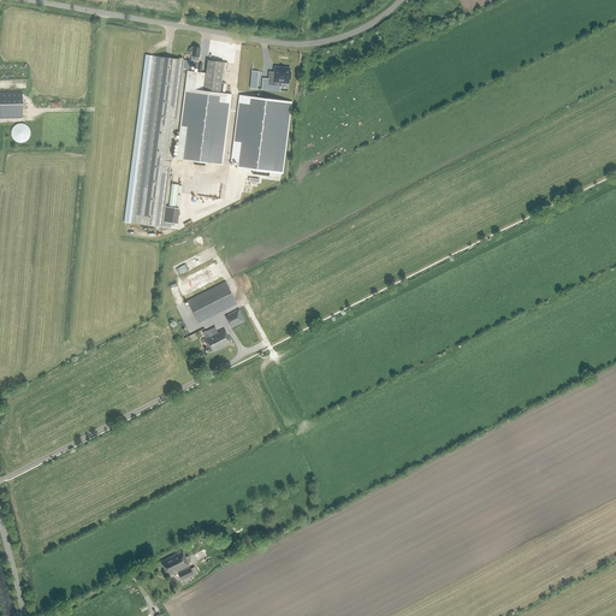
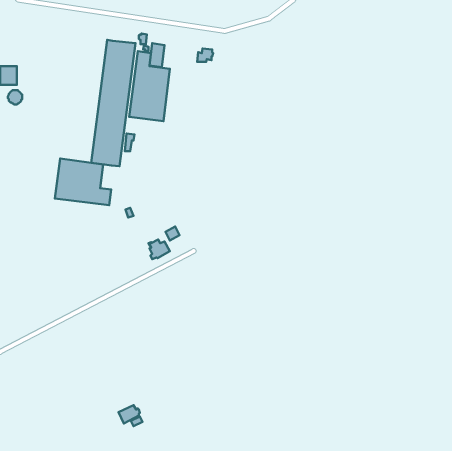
building: [231,94,291,174] -> none
building: none -> [55,158,111,205]
building: [186,280,236,322] -> none

